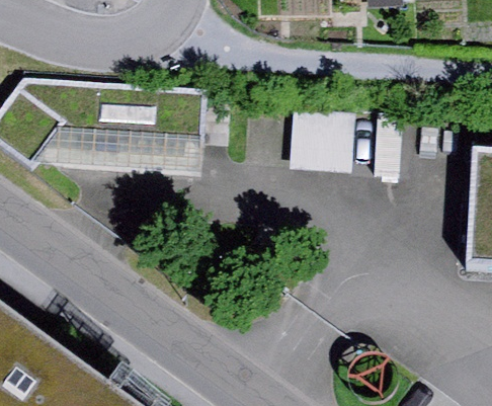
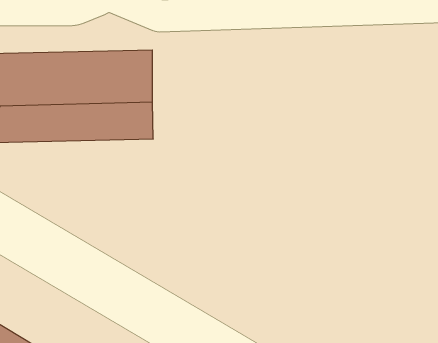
building: [289,110,356,176] -> none

